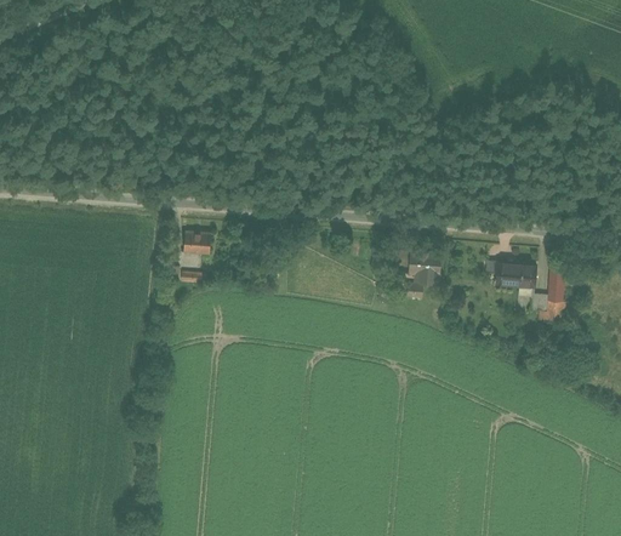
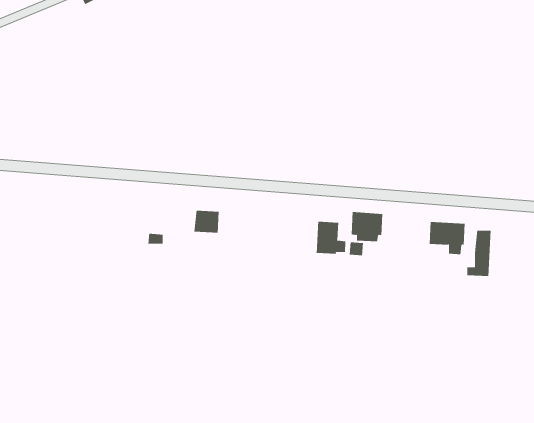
building: [182,230,211,256] -> [194,210,220,233]
building: none -> [316,221,346,255]

